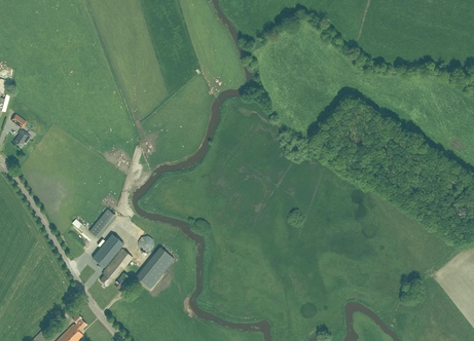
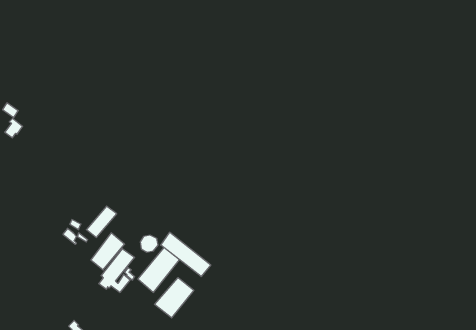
building: none -> [161,232,211,277]
building: none -> [155,278,194,318]

